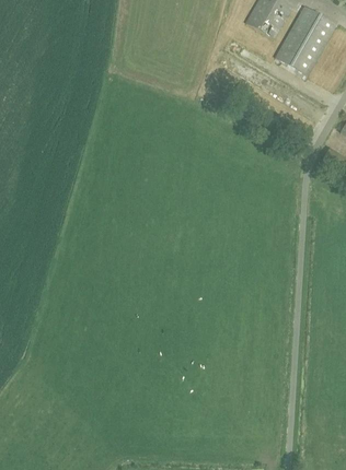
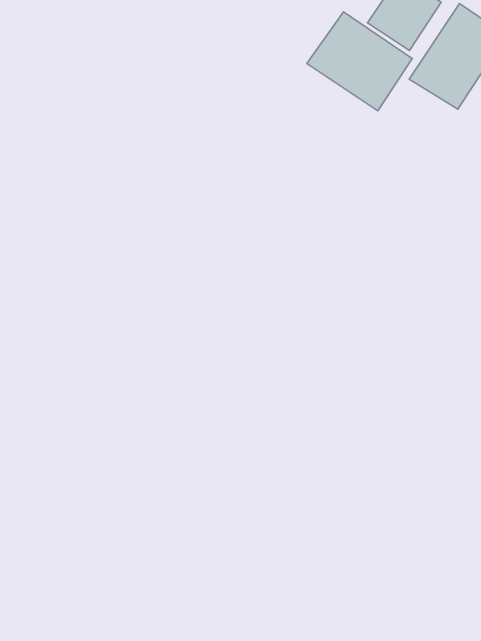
building: none -> [307,12,412,111]

